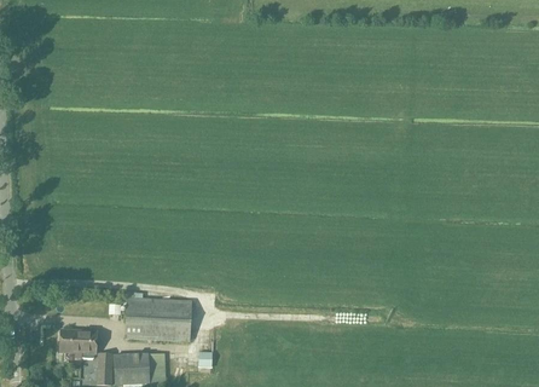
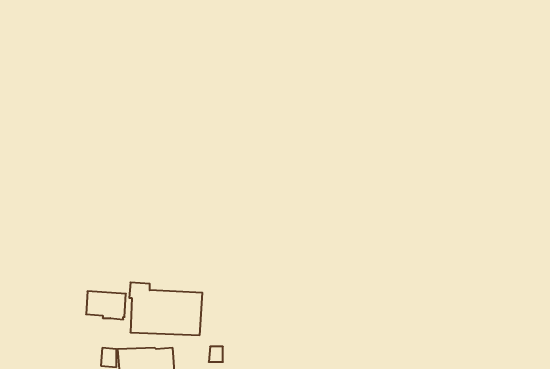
building: [58,333,95,359] -> [86,291,126,319]

